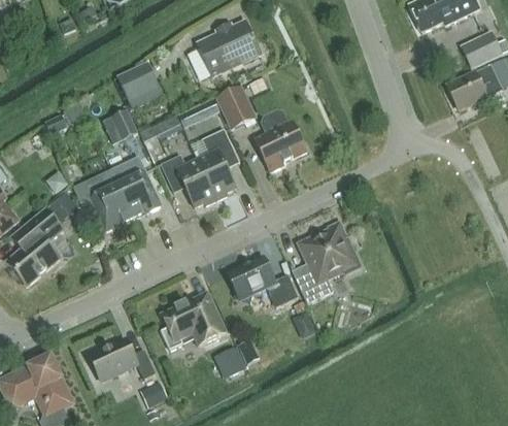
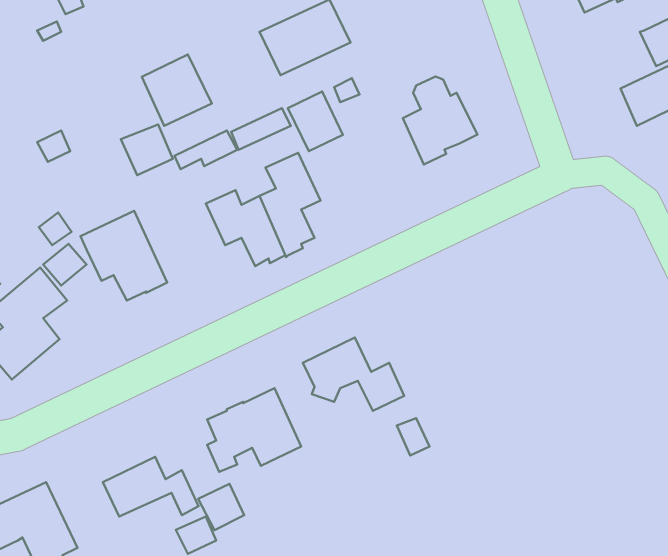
building: [256,110,307,171] -> [403,76,477,164]
building: [111,157,161,219] -> none
building: [287,222,361,303] -> none
building: [213,346,245,378] -> [198,484,244,530]

